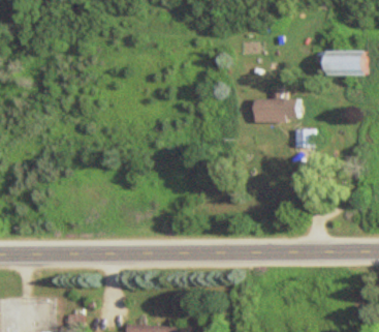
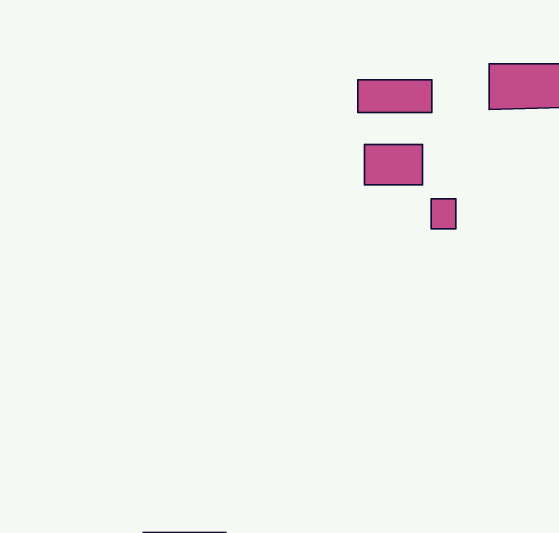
building: none -> [358,80,432,112]

